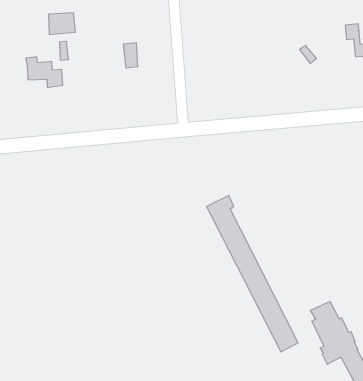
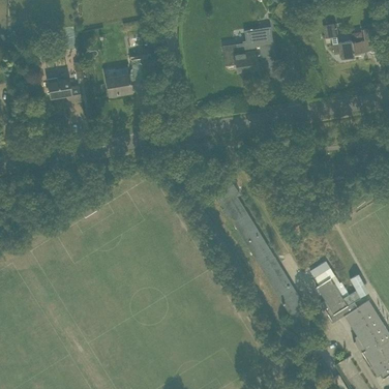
building: [49,13,75,35] -> [107,74,131,95]
building: none -> [225,28,273,70]

